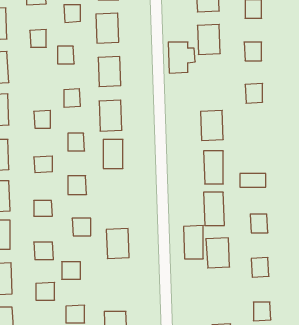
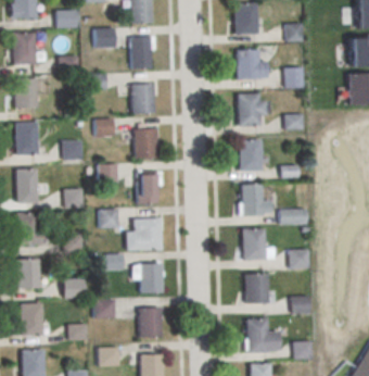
building: [168,42,195,73] -> [238,96,266,128]
building: none -> [126,218,162,251]
building: [184,226,203,259] -> [247,319,268,354]
building: none -> [137,304,161,336]

